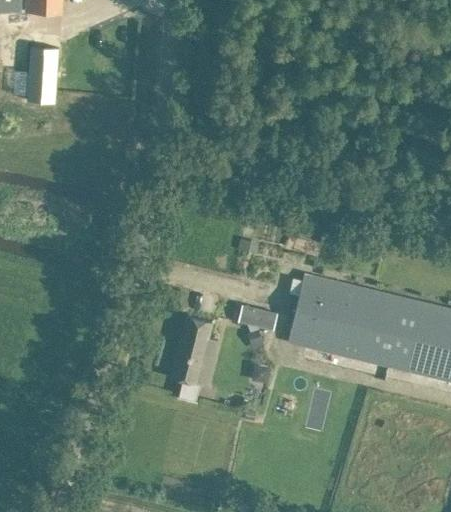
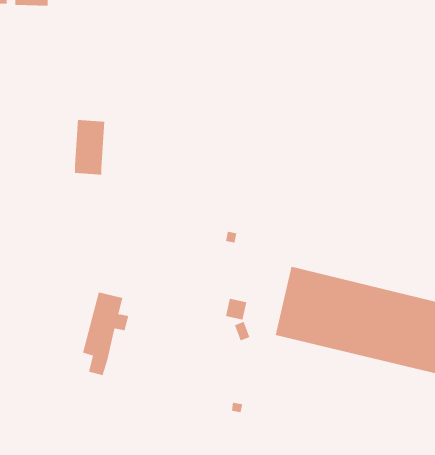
building: [27,46,58,102] -> [74,119,105,175]
building: [171,316,218,400] -> [82,292,129,376]

